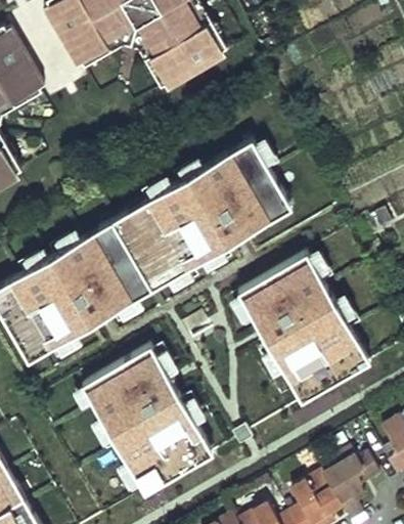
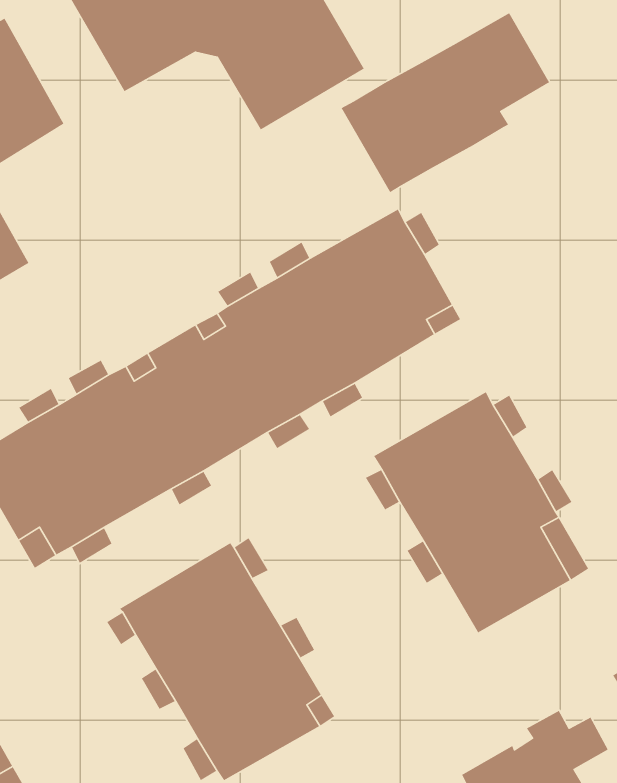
building: none -> [341,12,550,193]

